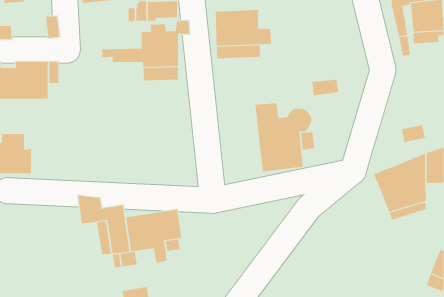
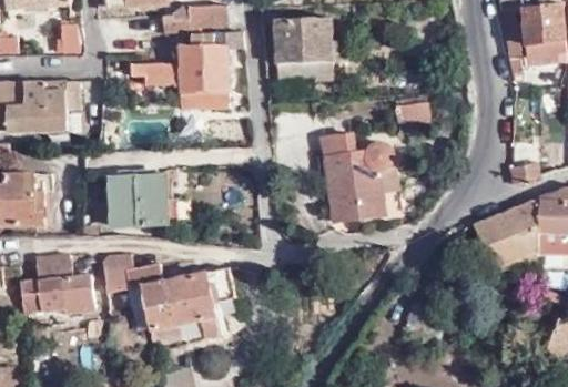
building: none -> [106,172,163,218]
building: none -> [19,255,94,317]

